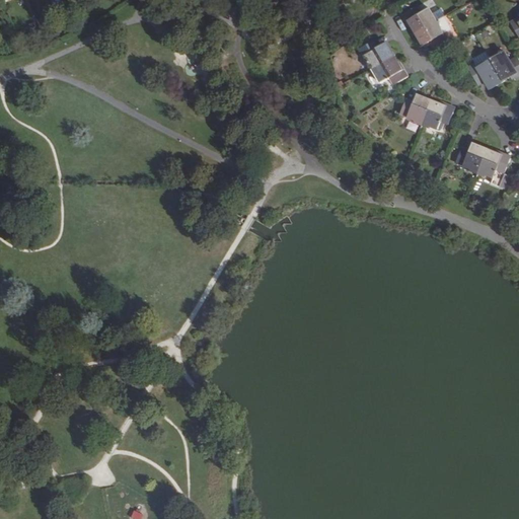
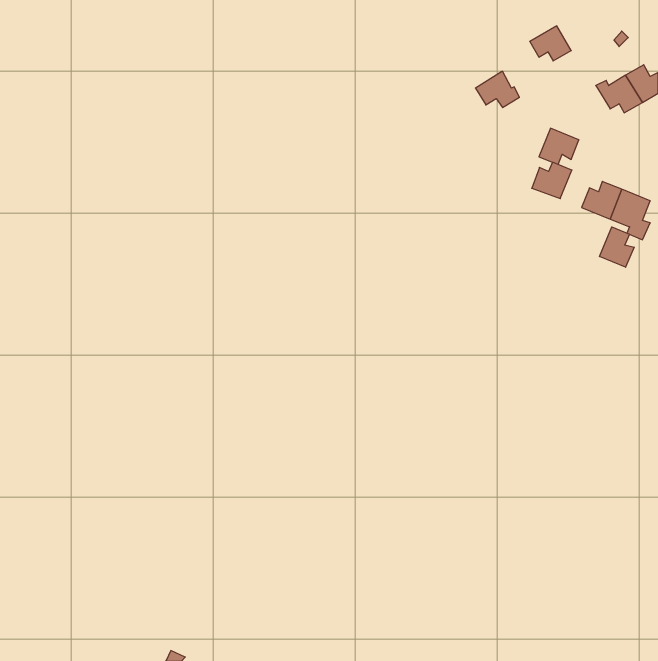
building: [401,6,436,32] -> none
building: [359,41,393,69] -> none
building: [399,94,431,123] -> [532,162,572,199]
building: none -> [600,227,634,267]

